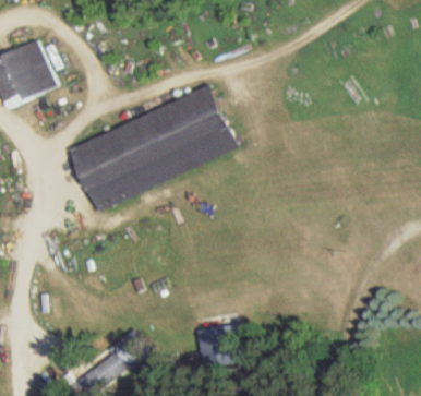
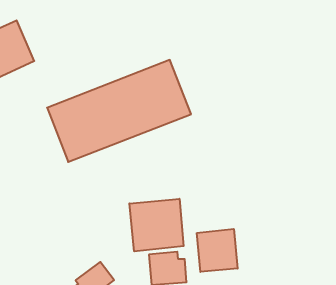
building: none -> [129,199,184,251]
building: none -> [197,229,238,272]

